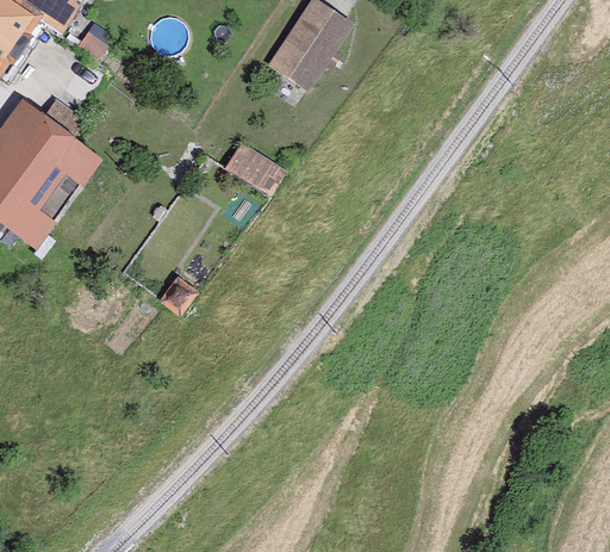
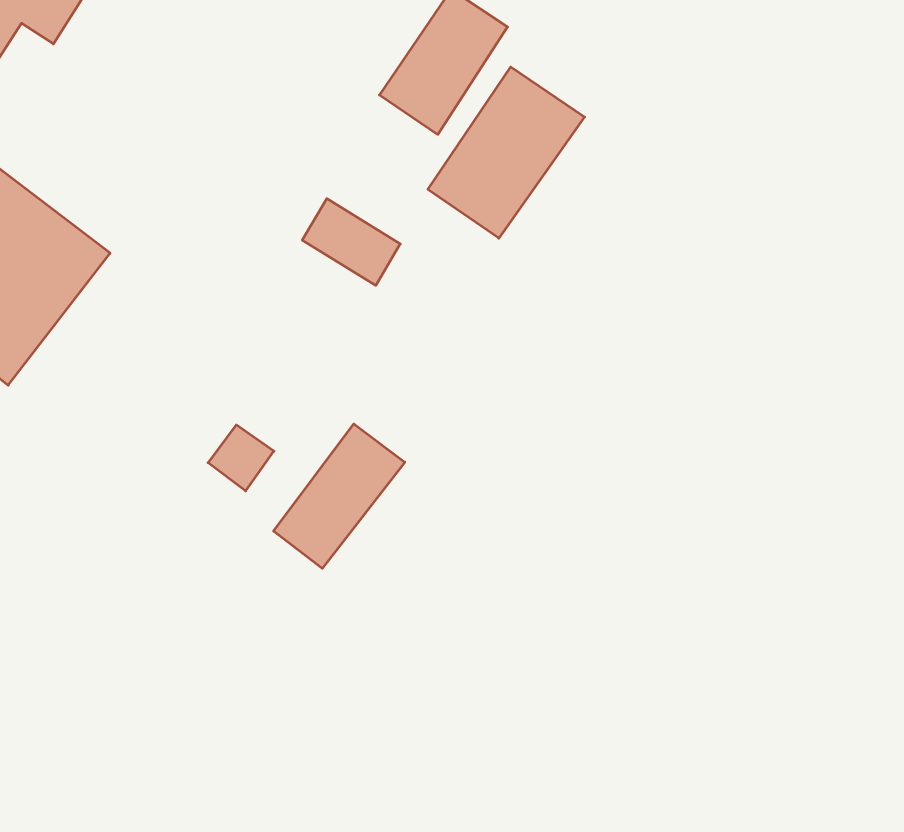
building: none -> [428,67,585,238]
building: none -> [274,424,405,568]

